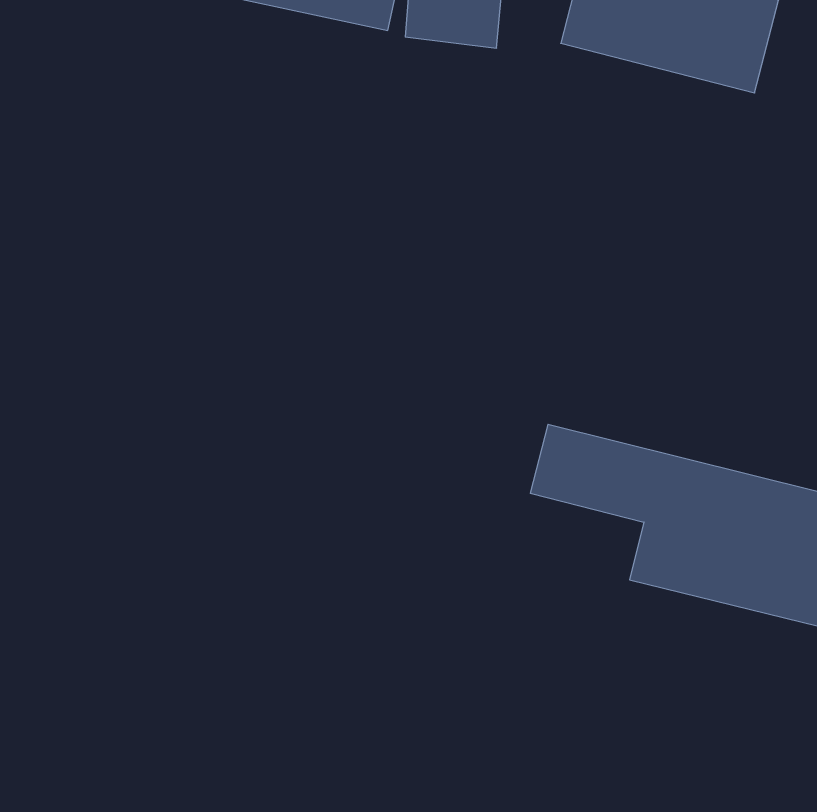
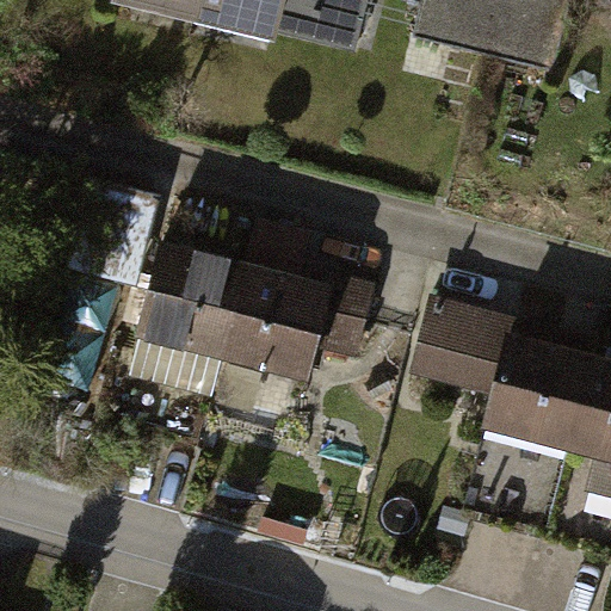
building: none -> [154,243,331,372]

